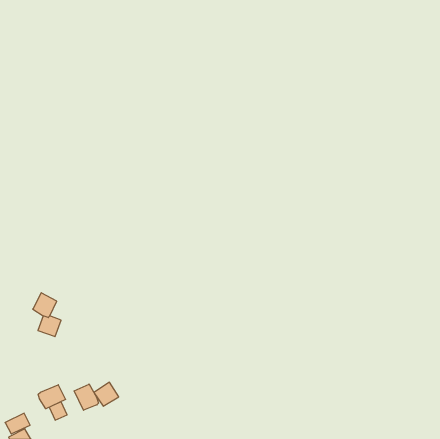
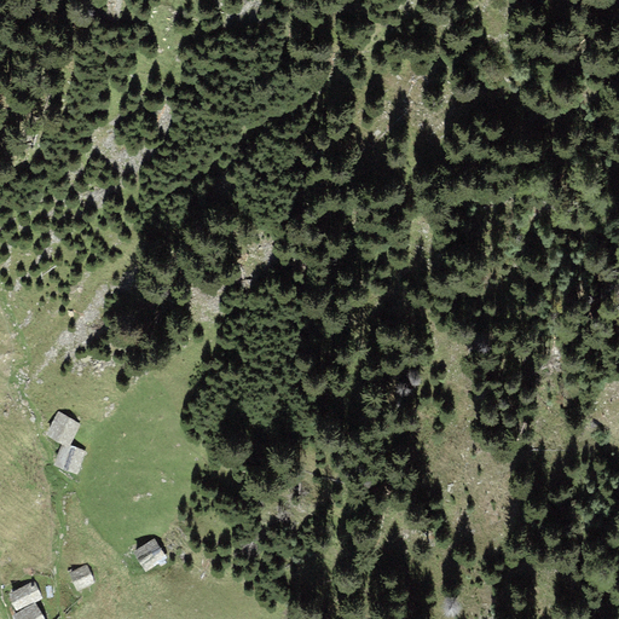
building: [74,384,98,410] -> none
building: [38,385,66,409] -> none

